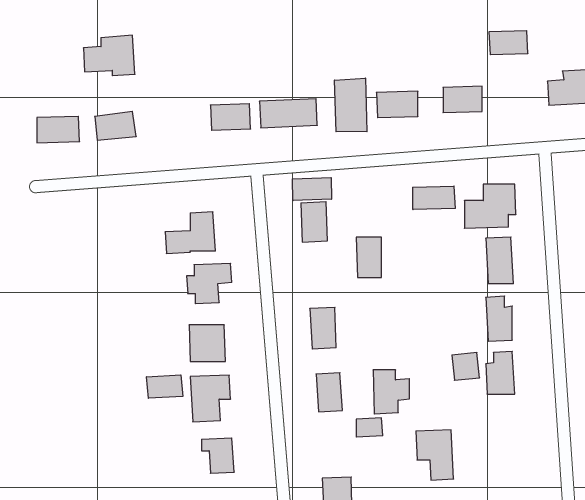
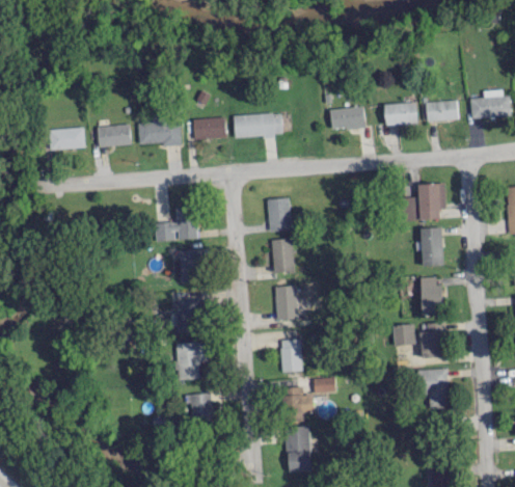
building: [489,31,528,55] -> [427,101,459,120]
building: [83,35,135,76] -> [138,113,181,146]
building: [335,78,367,132] -> none
building: [293,178,331,201] -> none
building: [413,186,455,210] -> none
building: [356,237,381,277] -> [272,239,293,272]
building: [373,370,409,414] -> [283,387,314,424]
building: [147,375,183,398] -> none
building: [416,430,454,480] -> [417,369,449,410]

